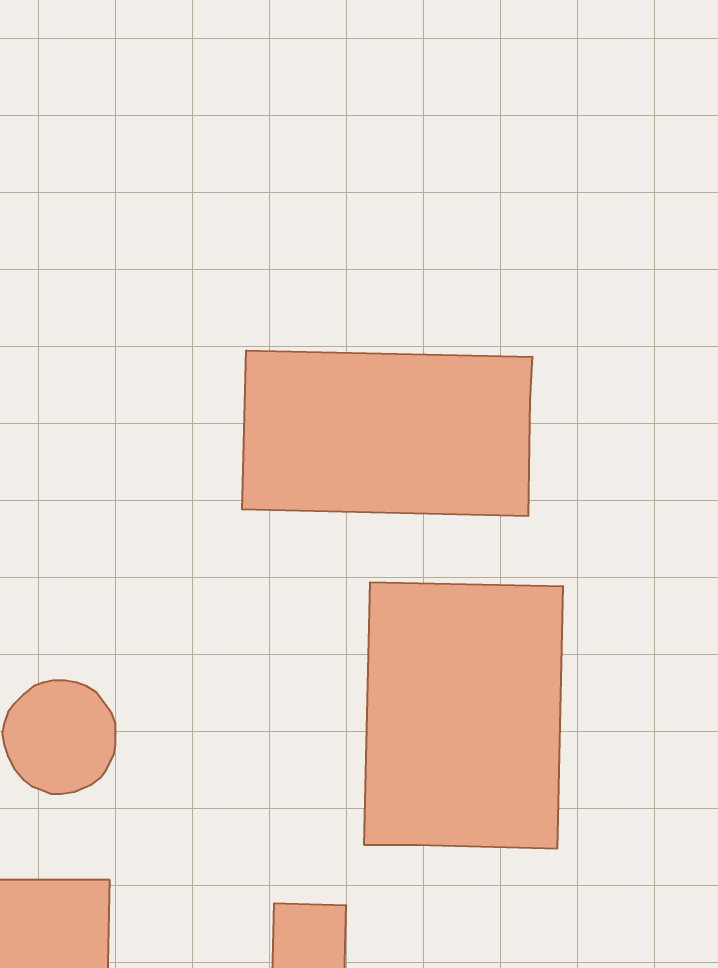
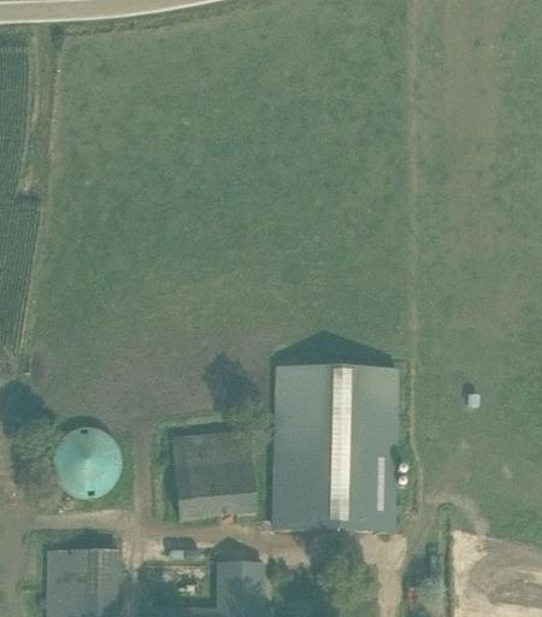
building: [242,350,532,516] -> none
building: none -> [173,430,255,518]

